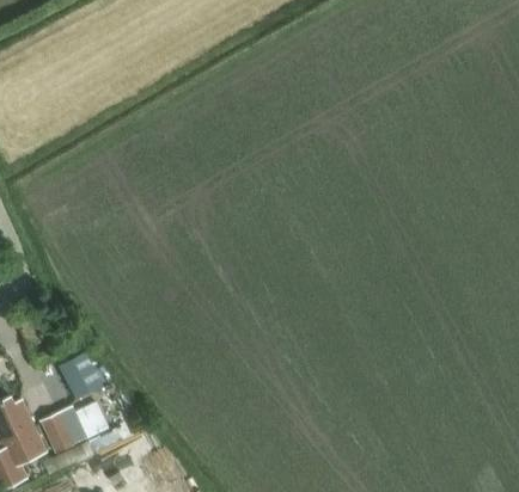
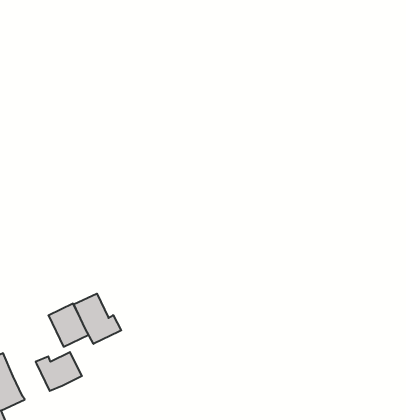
building: none -> [74,294,121,344]
building: [37,412,71,454] -> none

